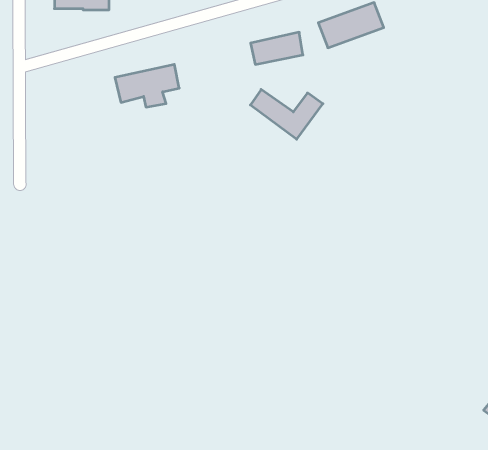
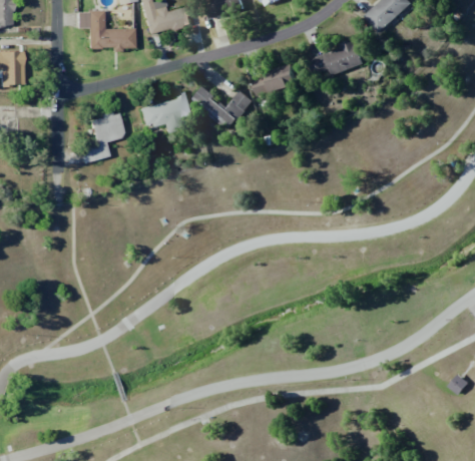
building: none -> [79,111,124,161]
building: [250,89,323,139] -> [193,87,255,129]

